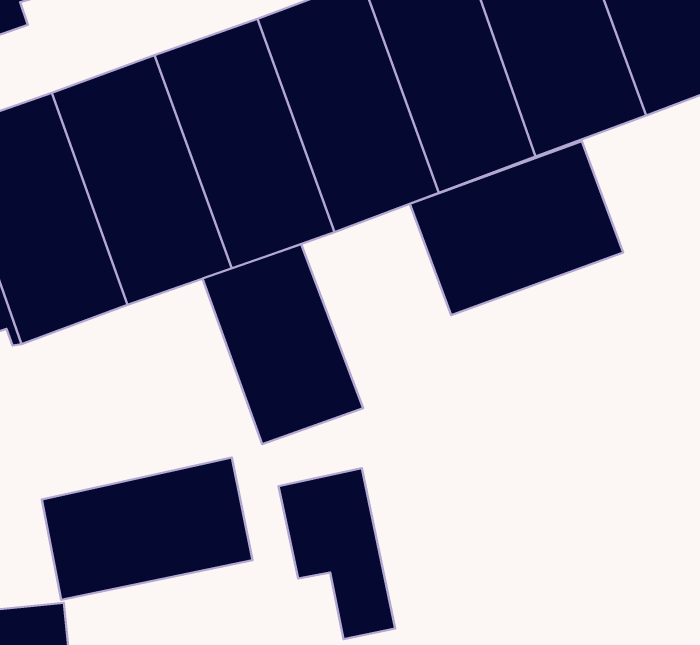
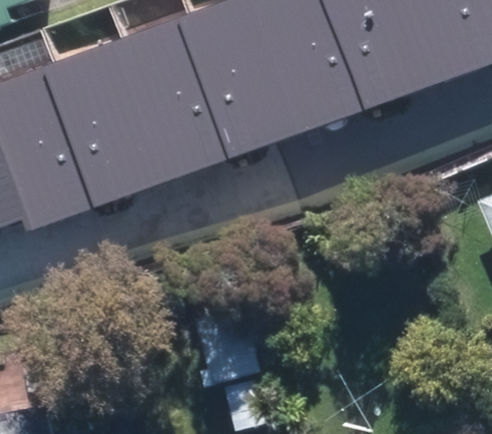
building: [410,141,623,315] -> none
building: [203,244,363,444] -> none
building: [42,458,253,600] -> none

